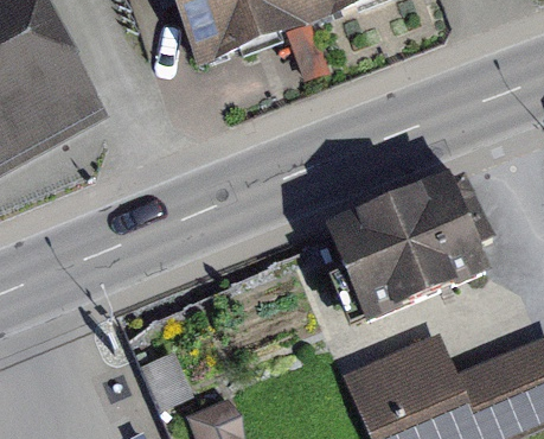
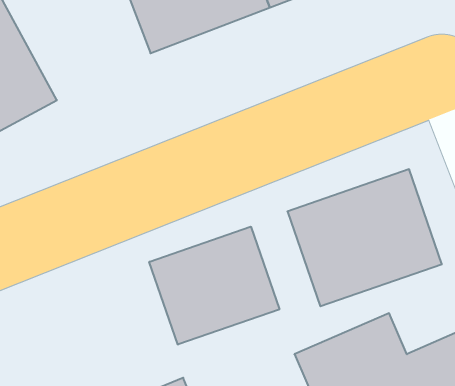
building: none -> [149,227,279,345]

